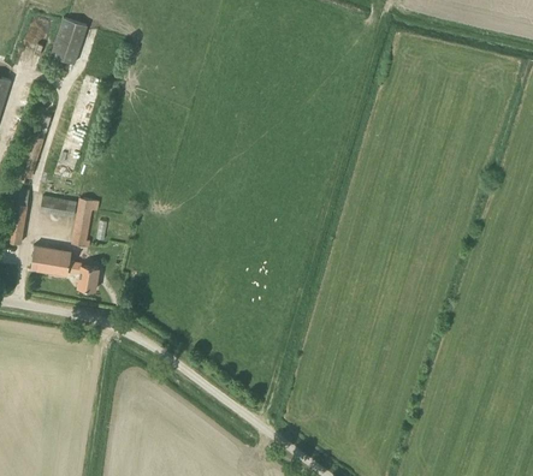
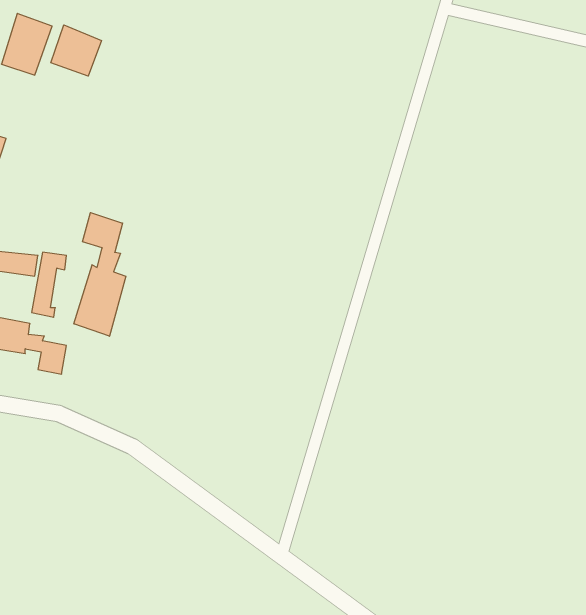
building: none -> [51,25,101,76]
building: none -> [74,213,126,336]

